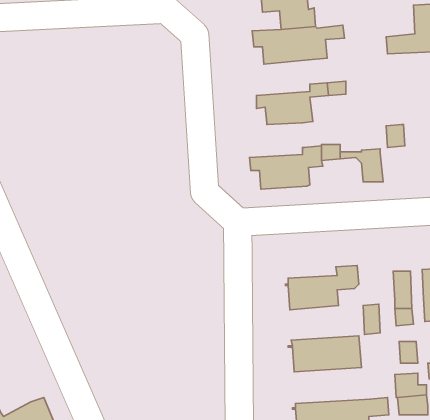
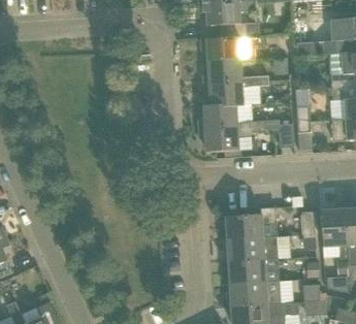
building: none -> [202,59,241,85]
building: none -> [198,104,237,129]
building: none -> [226,235,277,260]
building: none -> [228,280,285,305]

